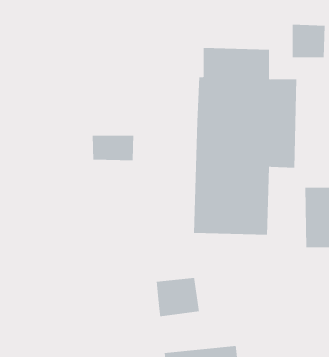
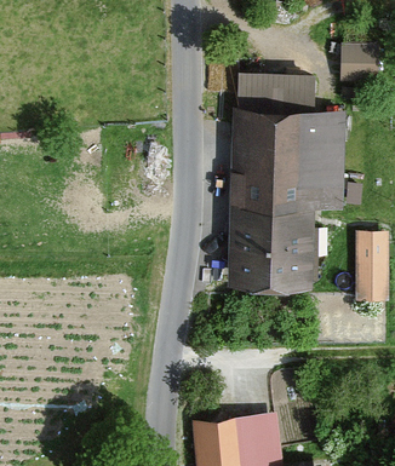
building: [92,135,134,161] -> none
building: [156,277,199,317] -> none

